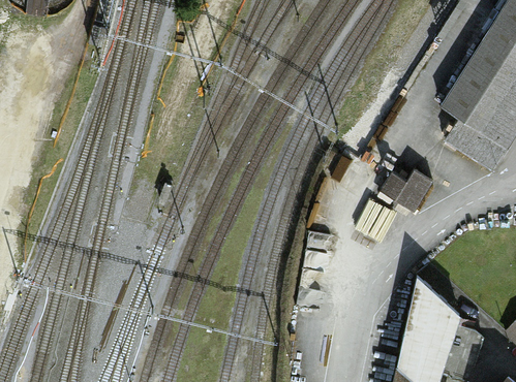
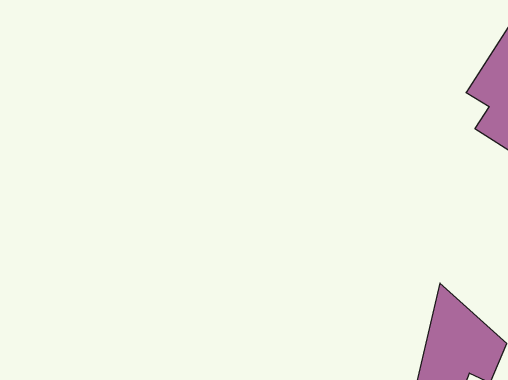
building: [381,174,430,211] -> none

